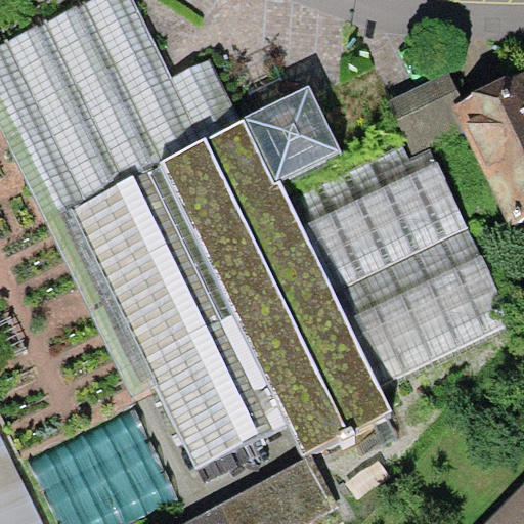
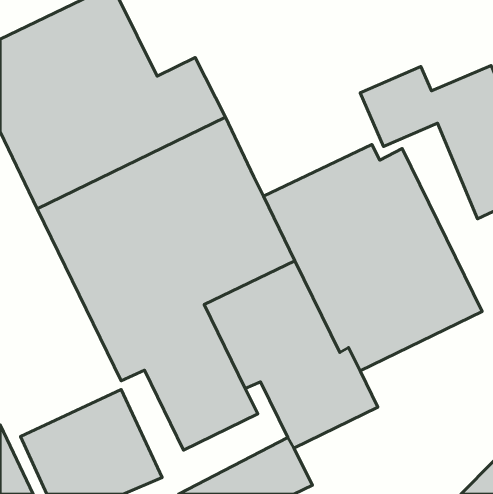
building: [243,93,334,185] -> none

